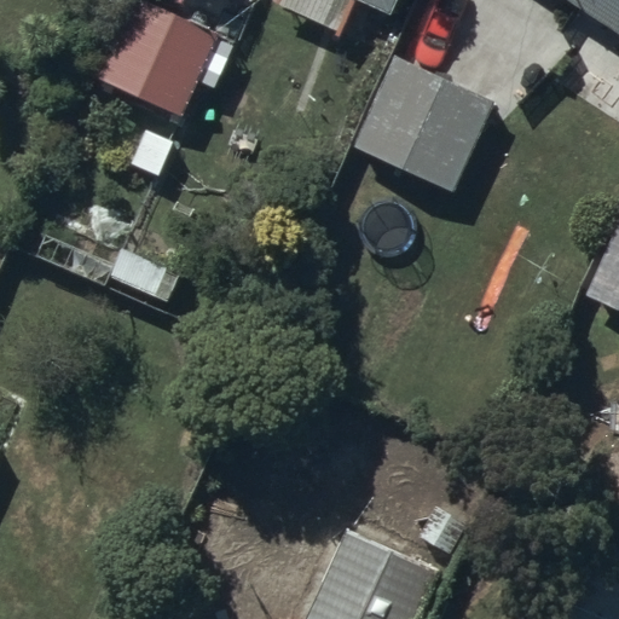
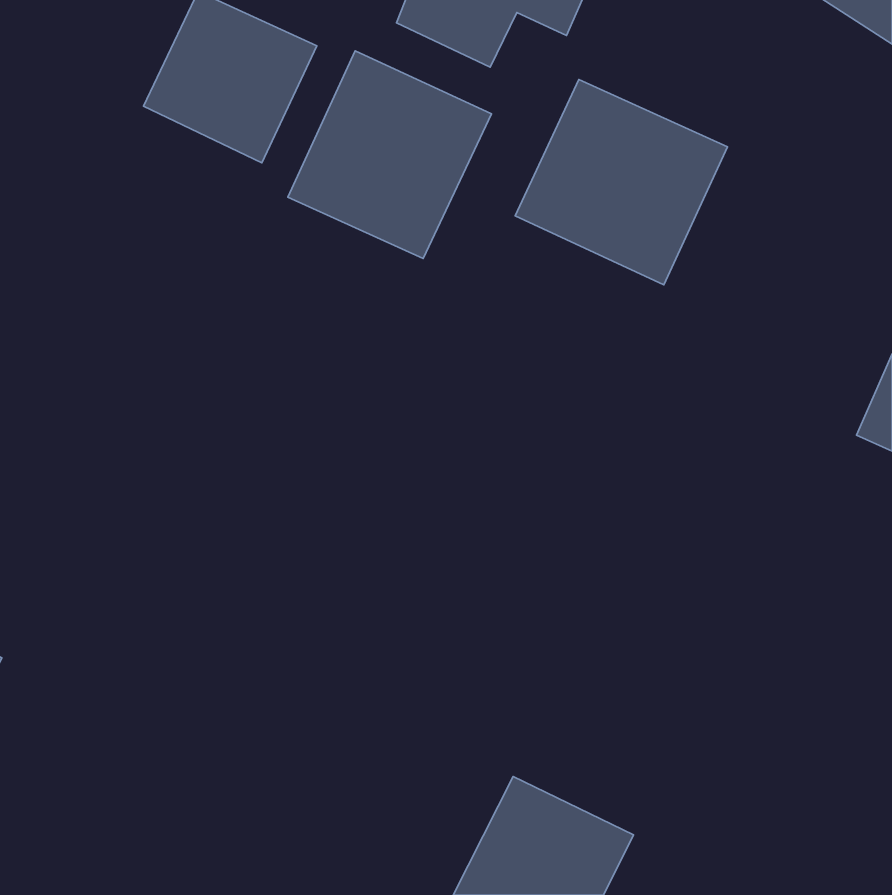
building: none -> [288,51,491,259]

